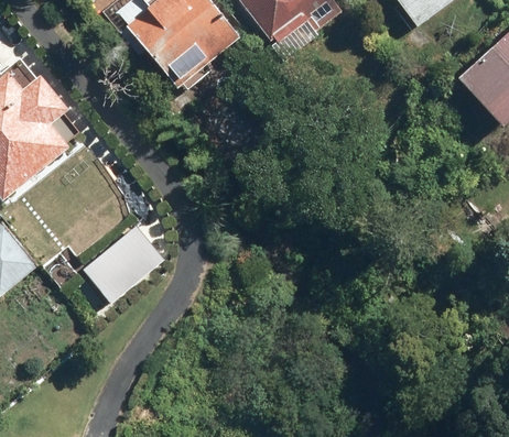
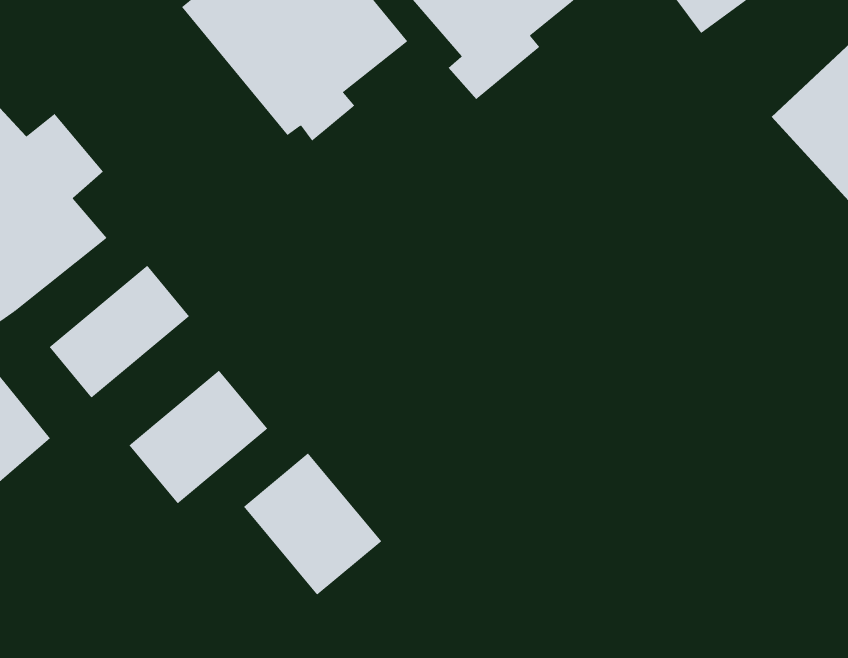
building: none -> [49,265,190,398]
building: none -> [243,453,382,595]

